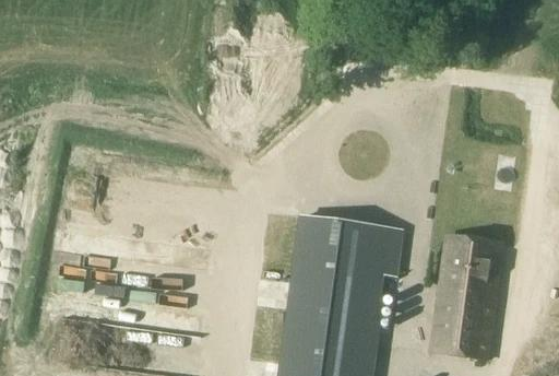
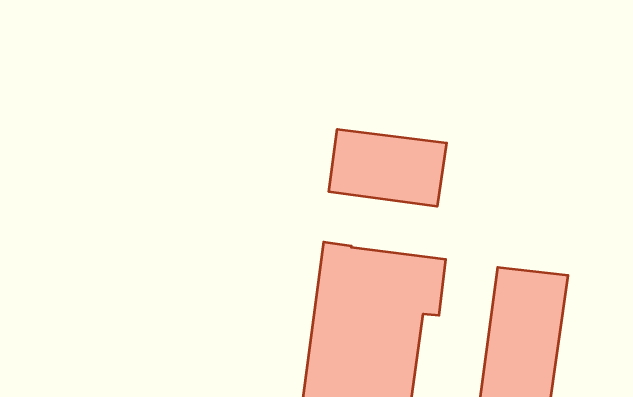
building: none -> [329,129,447,206]

